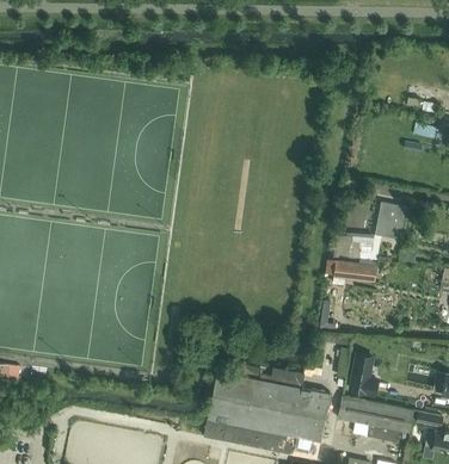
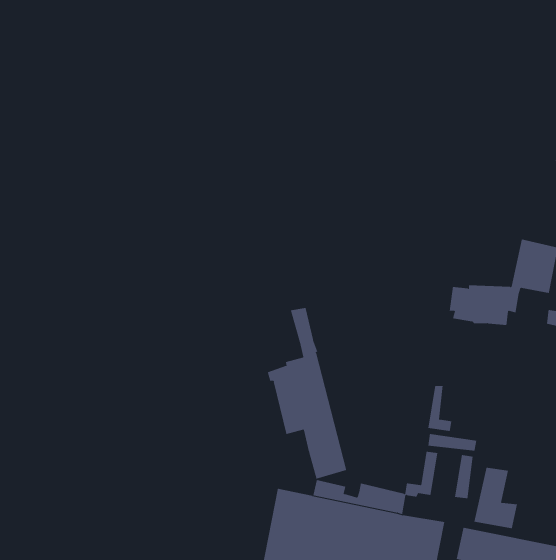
building: none -> [267,307,347,479]
building: [326,259,377,280] -> none

